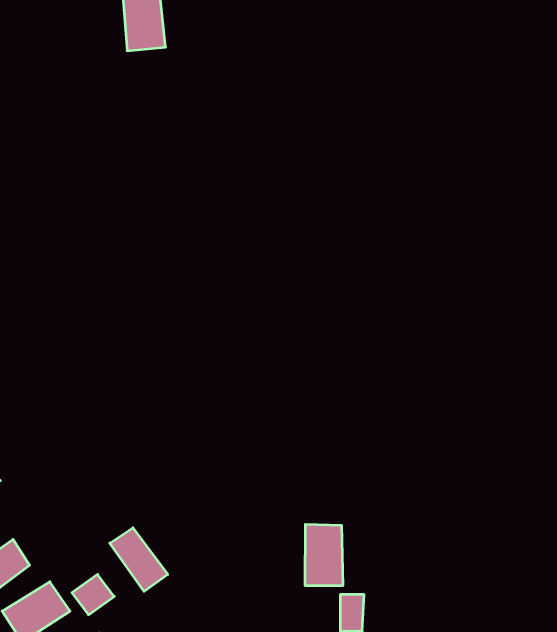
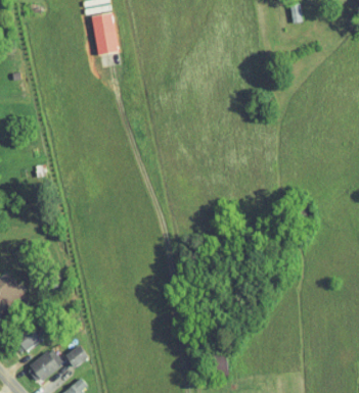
building: [305,524,343,586] -> none
building: [110,528,168,591] -> none

